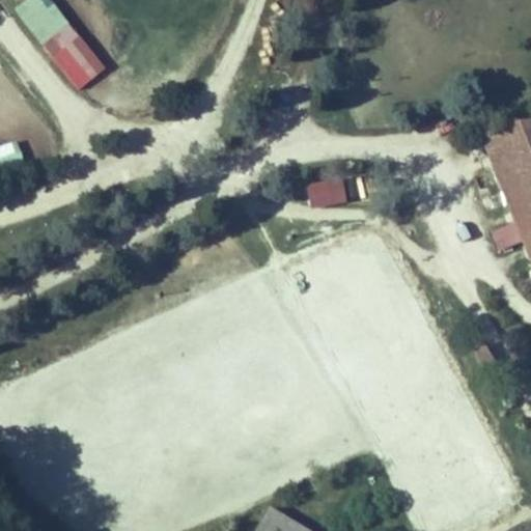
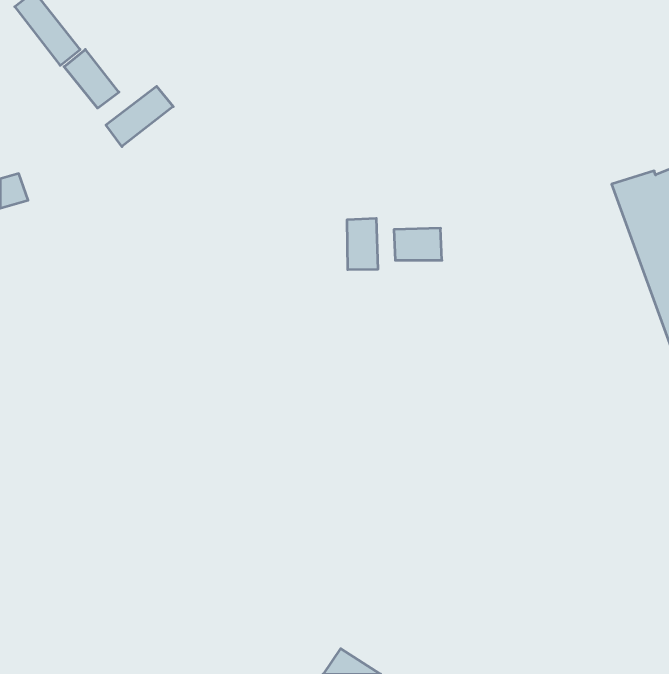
building: none -> [106,86,173,147]
building: none -> [347,218,378,270]

